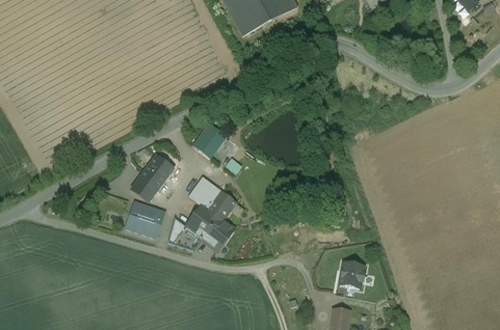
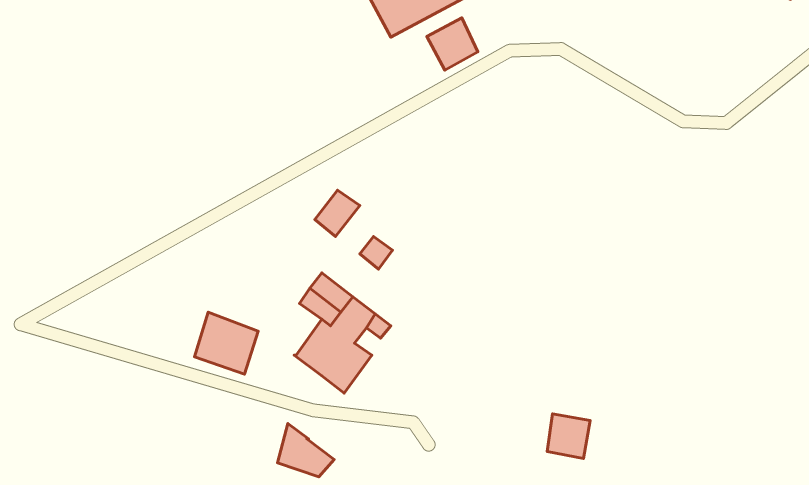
building: none -> [427,18,478,70]
building: [131,155,173,201] -> none
building: [168,217,203,249] -> [277,423,334,477]

